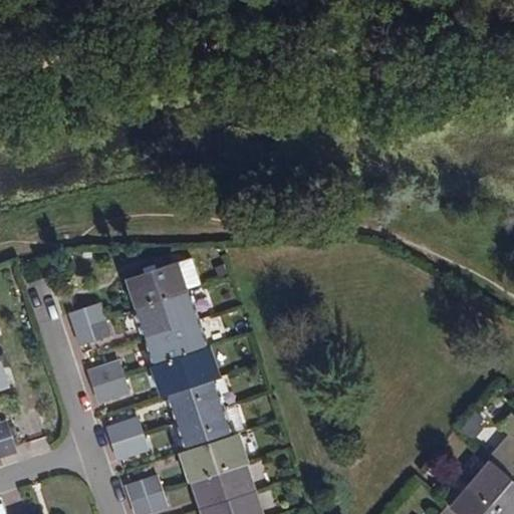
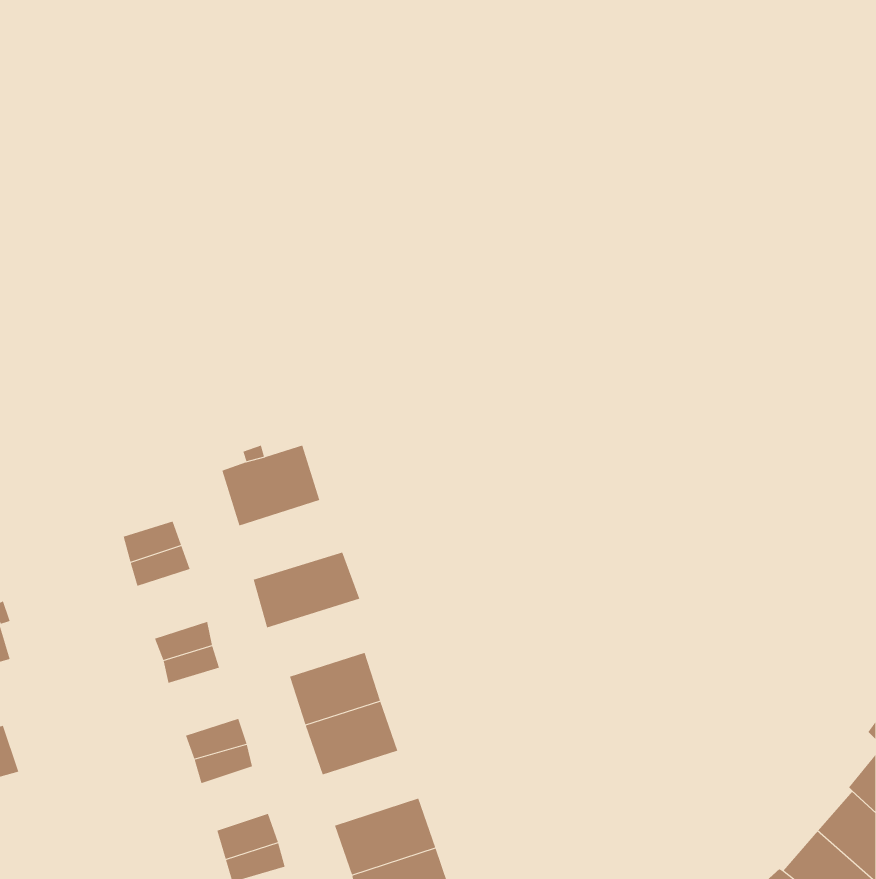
building: [137,292,199,339] -> none
building: [154,350,220,397] -> none
building: [182,437,246,483] -> none

